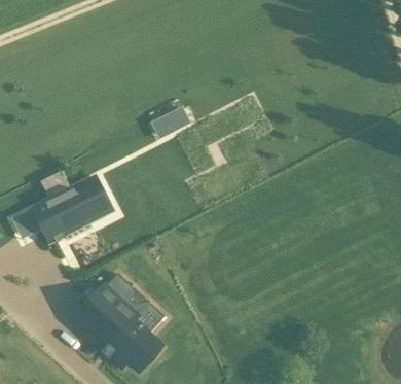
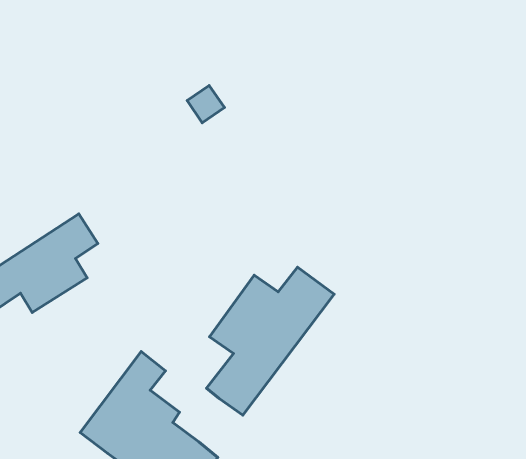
building: none -> [206,267,334,415]

